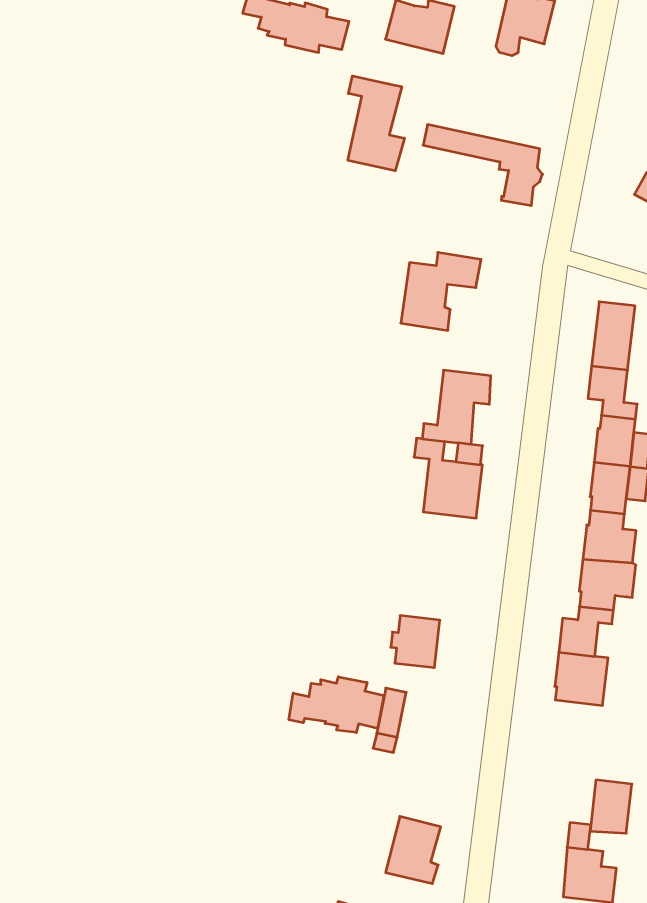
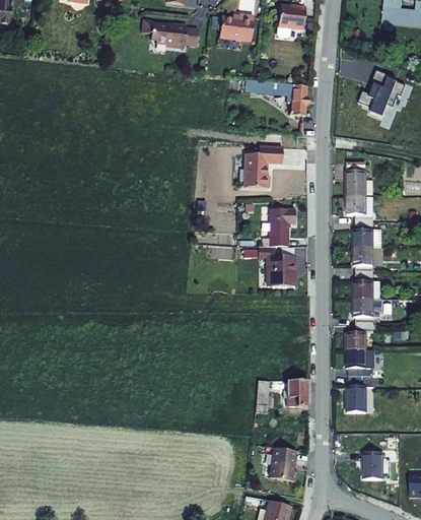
building: [348,76,404,171] -> none
building: [391,616,440,668] -> [283,380,307,405]
building: [289,677,384,733] -> none
building: [590,780,632,833] -> [347,386,366,413]

